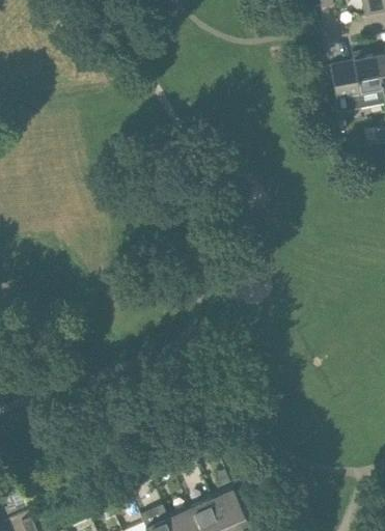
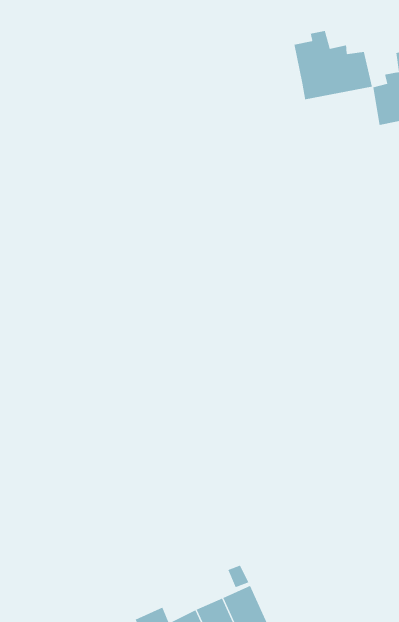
building: none -> [294,30,373,100]

